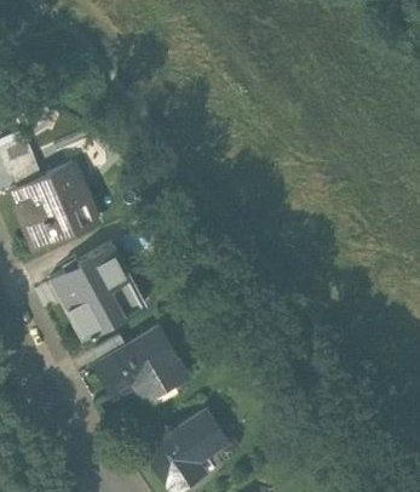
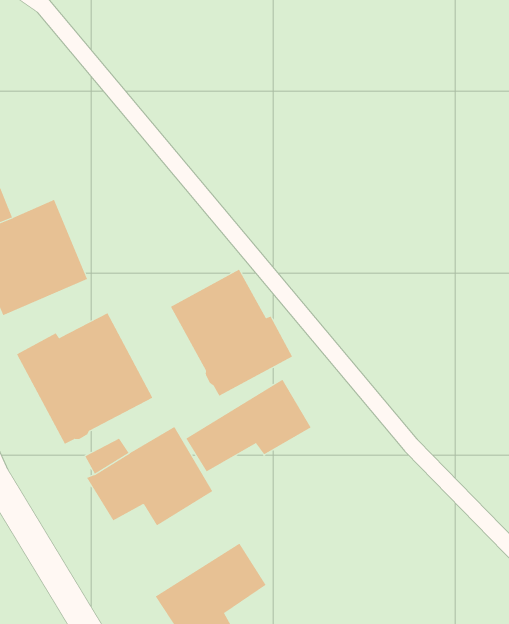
building: none -> [170,269,293,396]
building: none -> [186,379,311,472]

